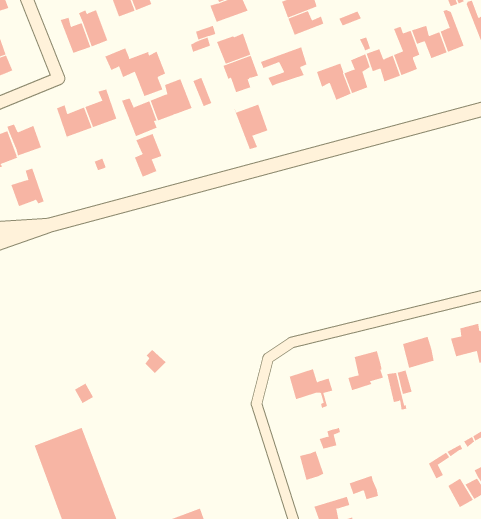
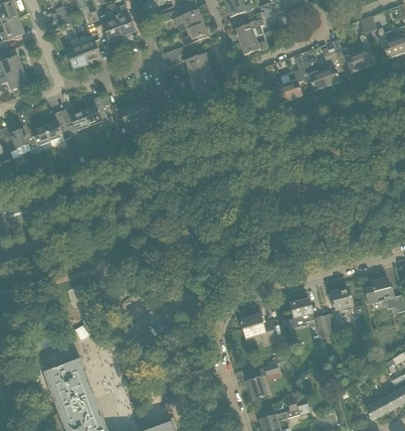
building: [260,47,307,86] -> none
building: [105,48,166,97] -> none
building: [233,104,268,150] -> none
building: [134,133,162,178] -> none
building: [11,168,44,207] -> [43,111,69,141]

